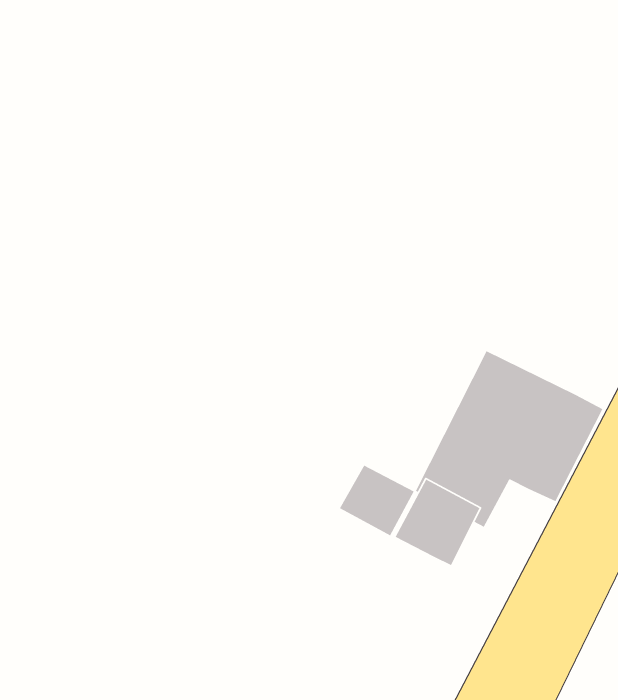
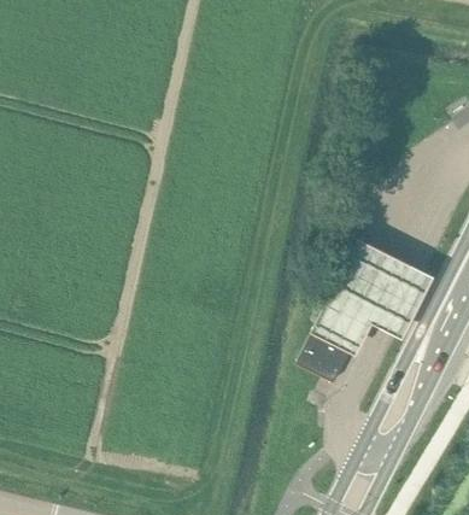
building: [339,464,415,536] -> none

